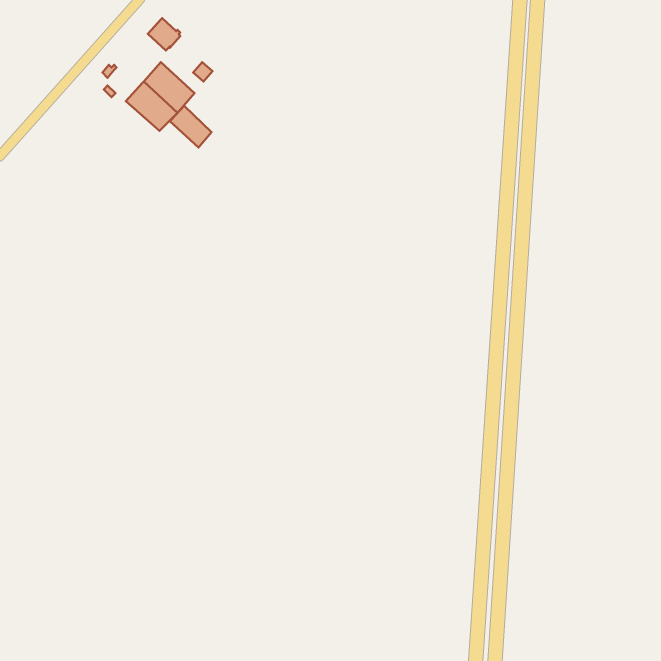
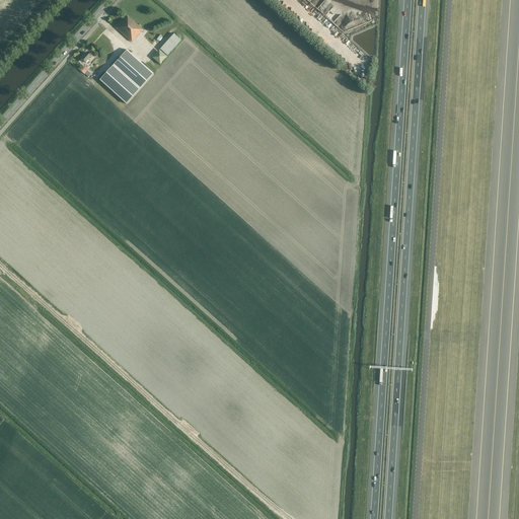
building: [170,106,211,147] -> none

